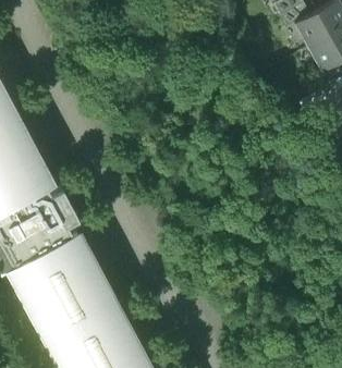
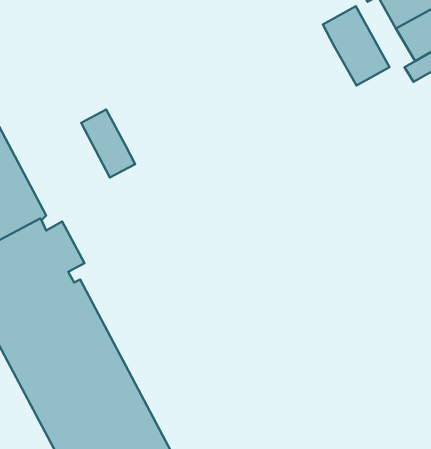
building: none -> [323,6,389,86]
building: none -> [81,109,135,178]

